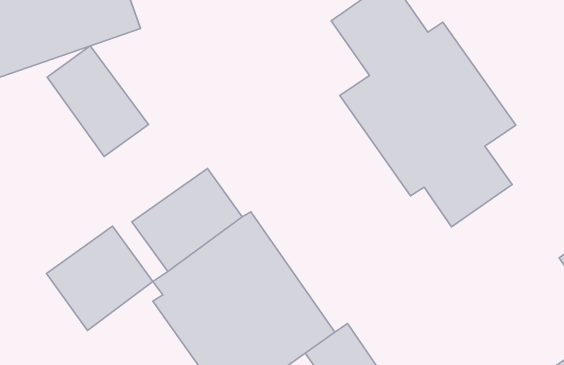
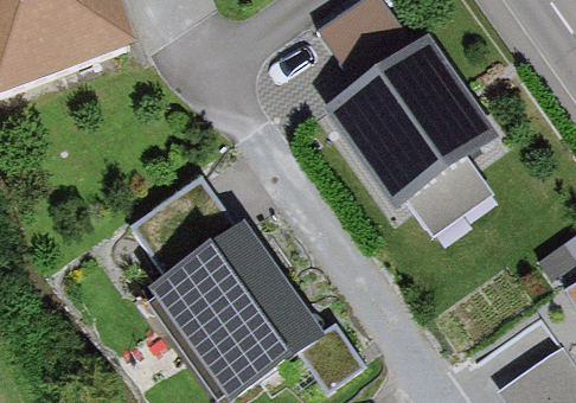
building: [47,46,148,157] -> none
building: [46,226,153,330] -> none

